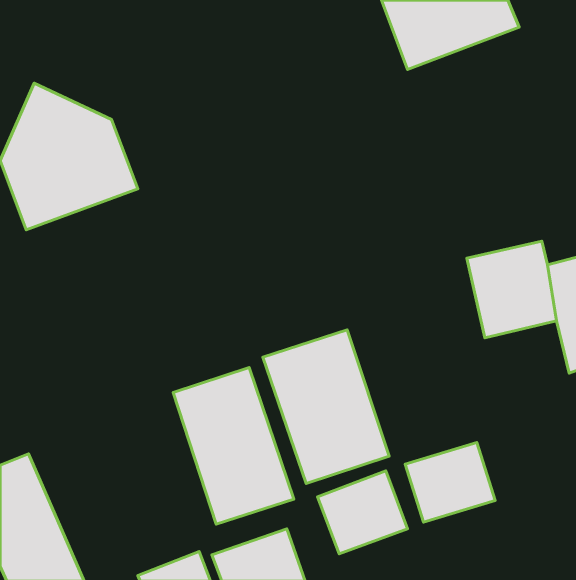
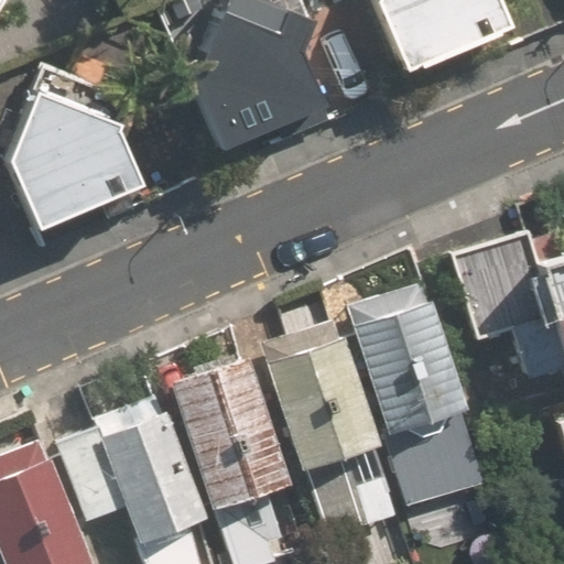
building: none -> [191,8,324,150]
building: none -> [355,293,465,426]
building: none -> [59,400,208,544]

